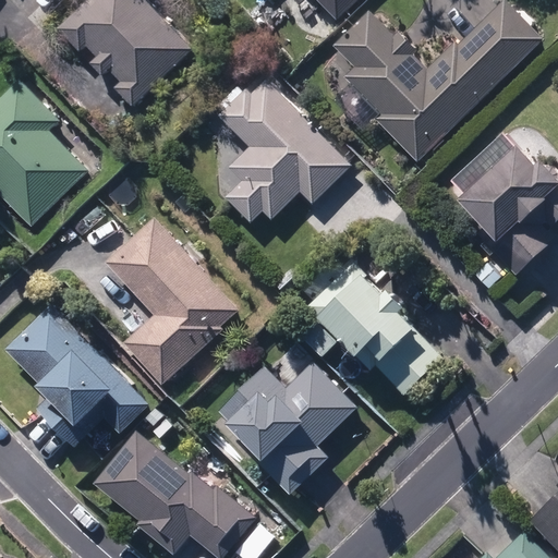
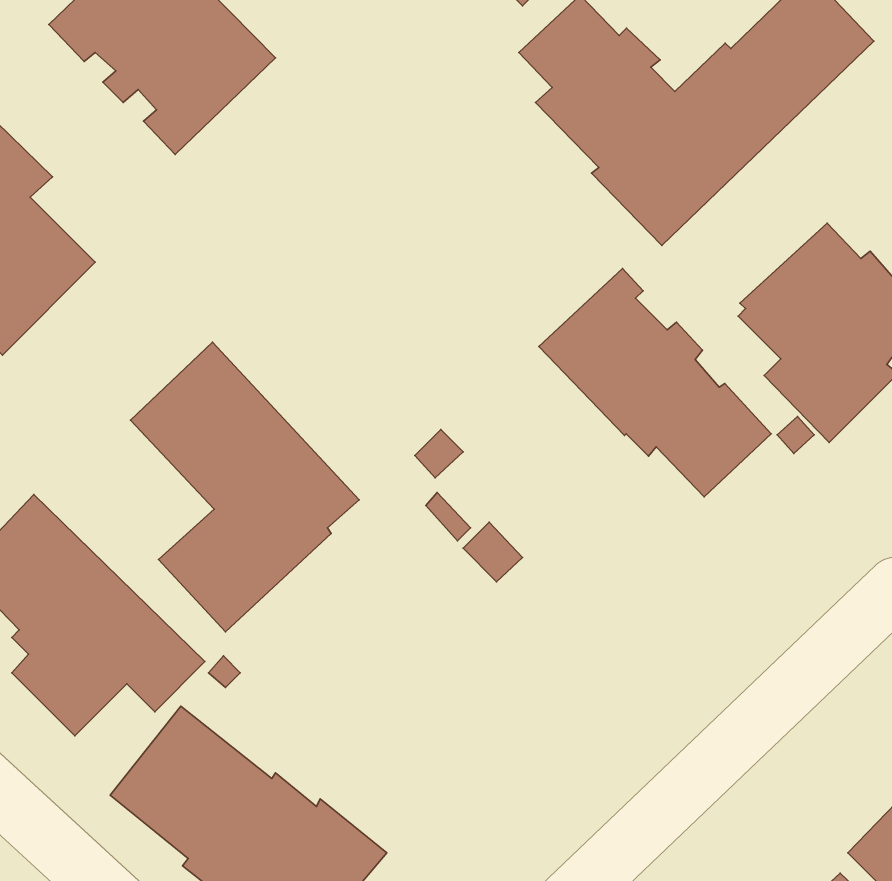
building: [218,78,350,221] -> none
building: [305,260,441,395] -> [539,268,771,497]
building: [218,361,356,495] -> none

